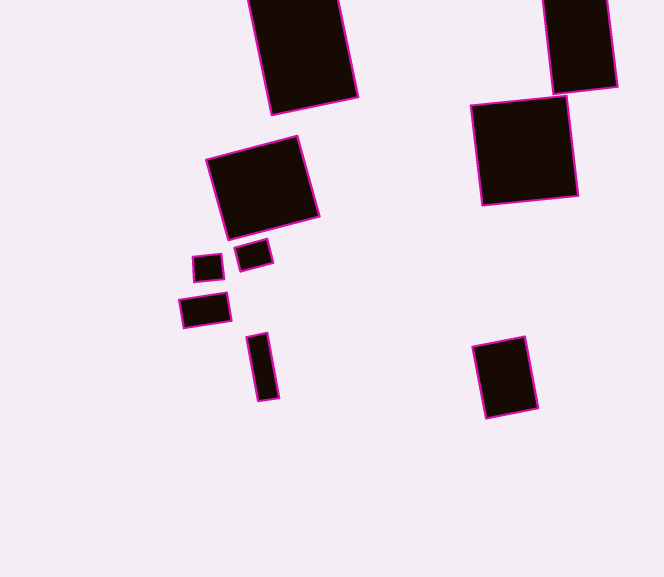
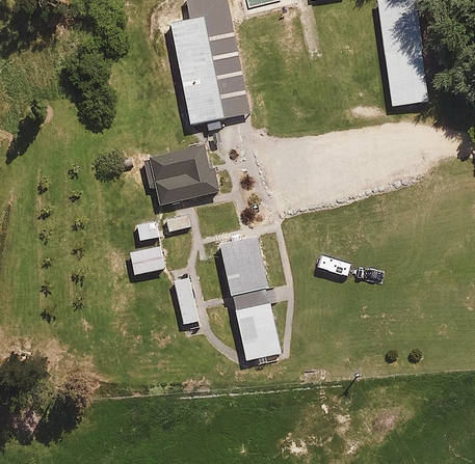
building: [471,96,578,206] -> none
building: none -> [219,235,269,296]
building: [473,337,538,418] -> [234,303,280,360]

